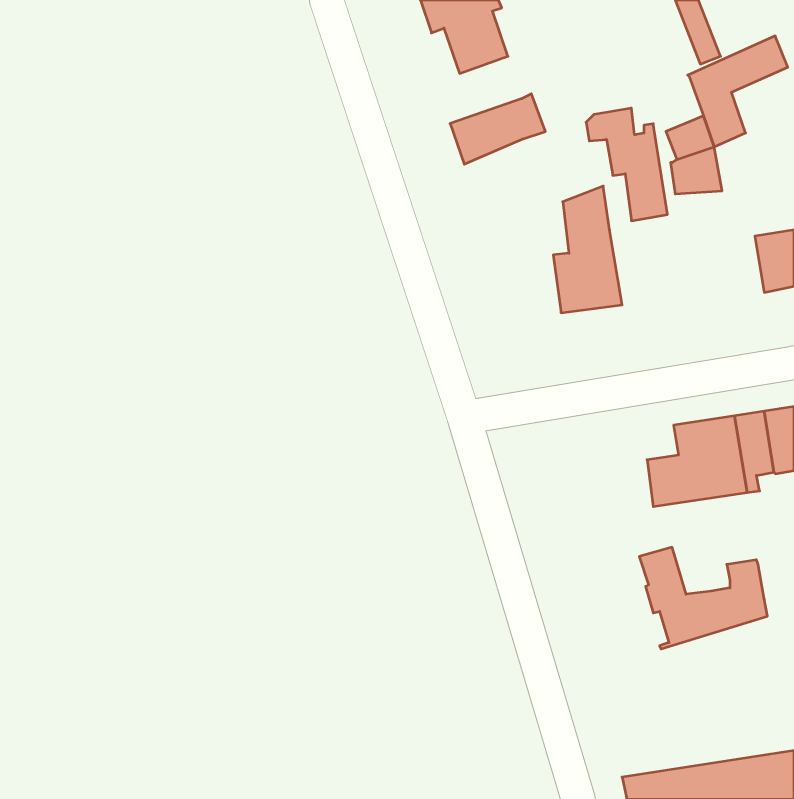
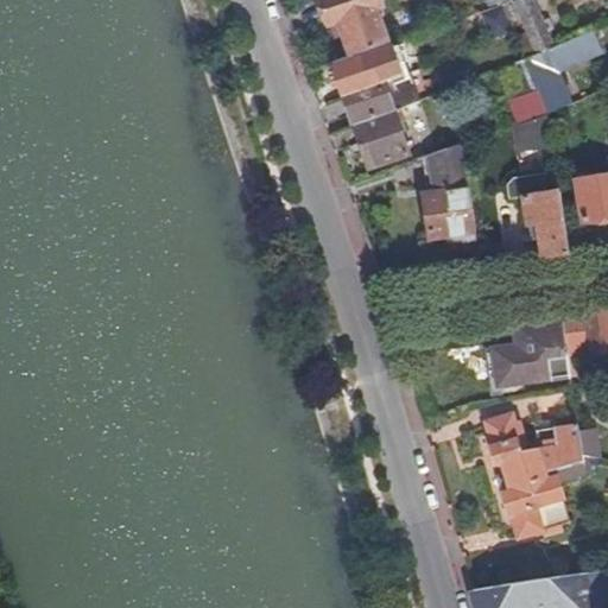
building: none -> [335,46,397,94]
building: [586,108,667,221] -> [505,173,566,259]
building: none -> [353,106,406,167]
building: none -> [502,468,583,538]

